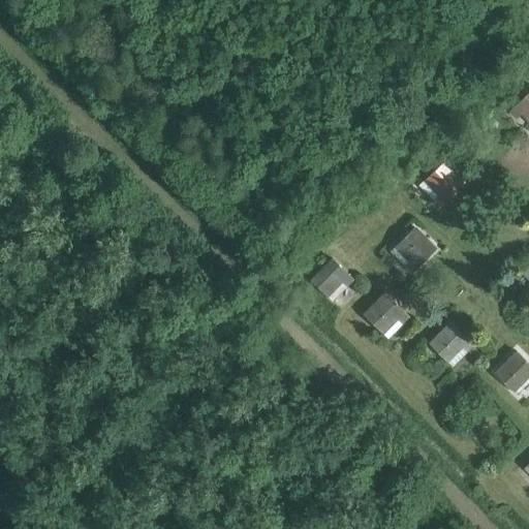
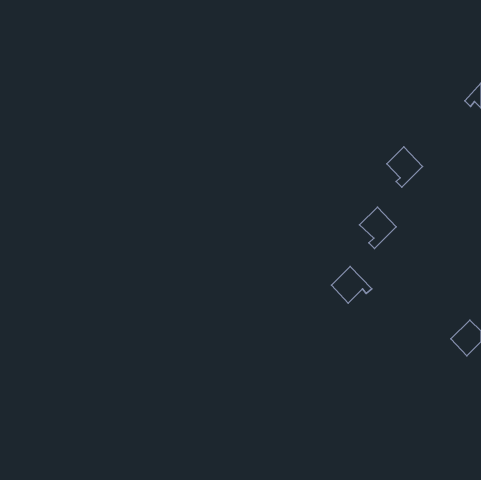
building: [311,259,352,295] -> none
building: [429,322,473,362] -> none

